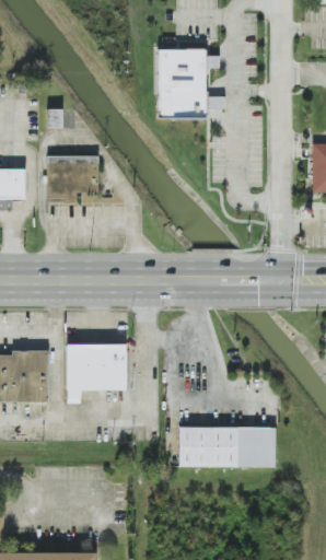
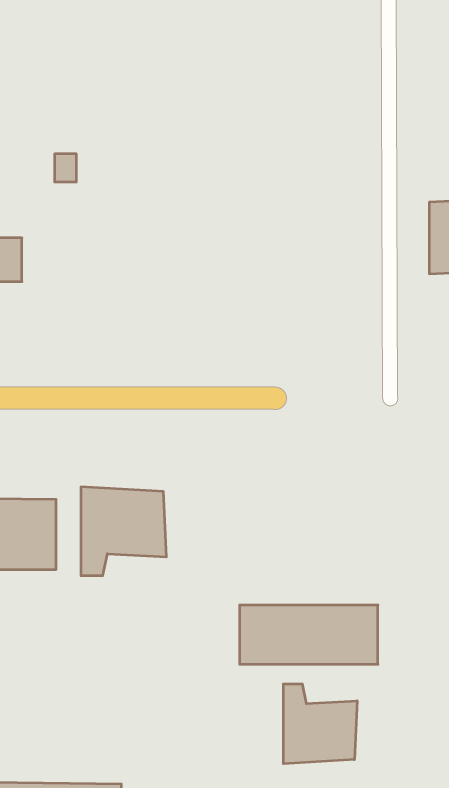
building: [158,49,224,119] -> none
building: [45,155,97,201] -> none
building: none -> [283,684,357,764]

